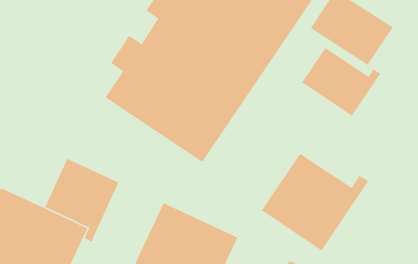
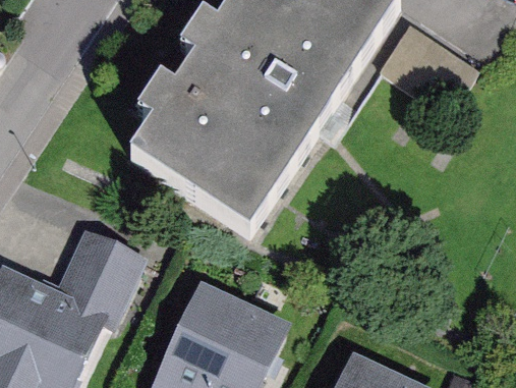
building: [301,47,381,117] -> none
building: [261,153,369,251] -> none

